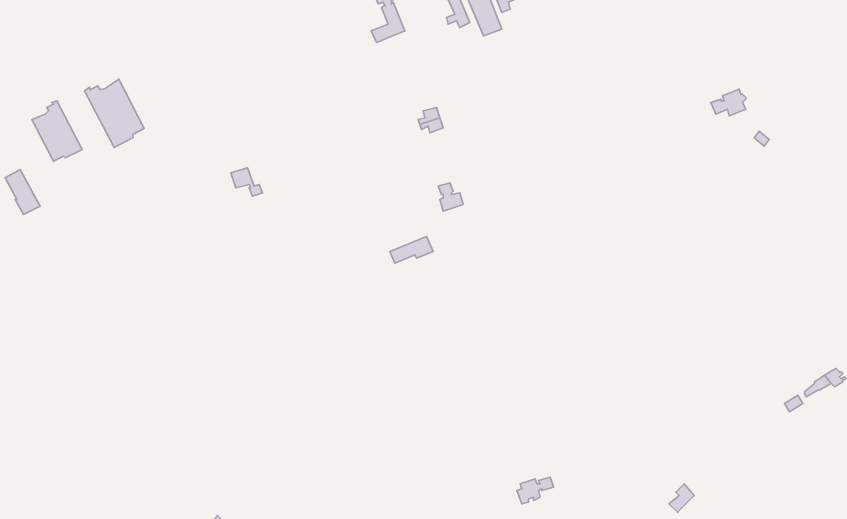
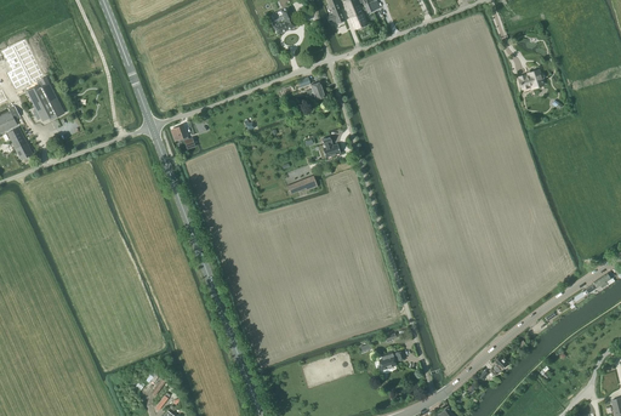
building: [85,79,144,148] -> none

